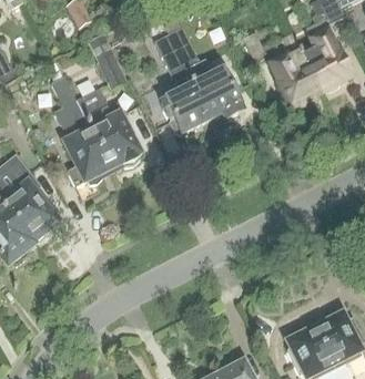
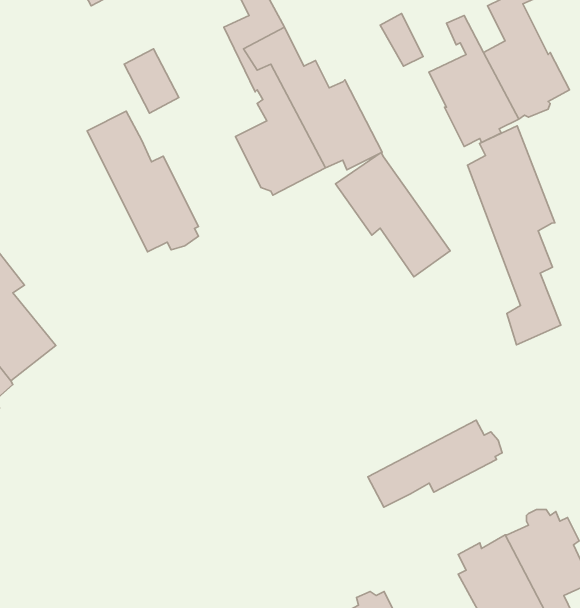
building: [50,74,110,185] -> none
building: none -> [468,126,561,345]
building: none -> [335,153,450,277]
building: none -> [368,420,502,507]

